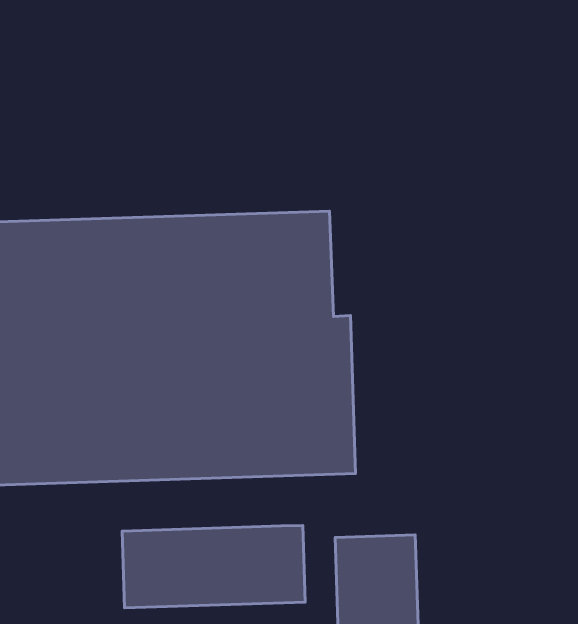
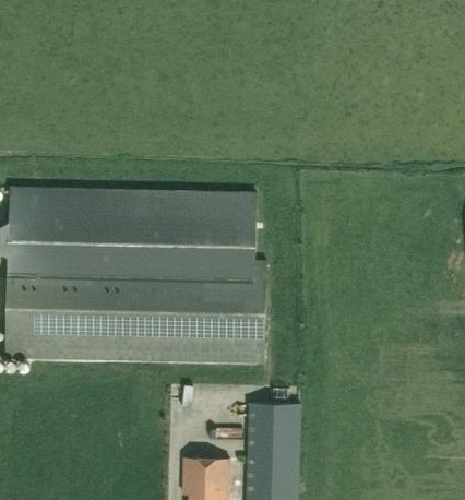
building: [122,526,305,608] -> none

